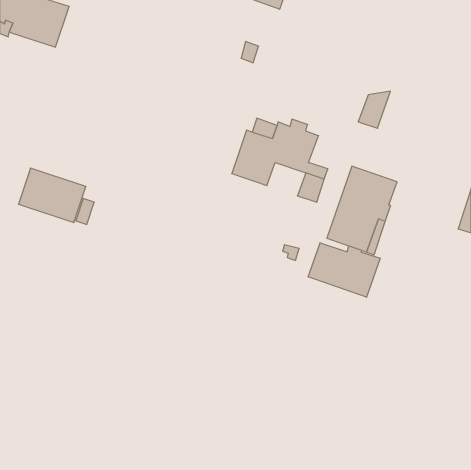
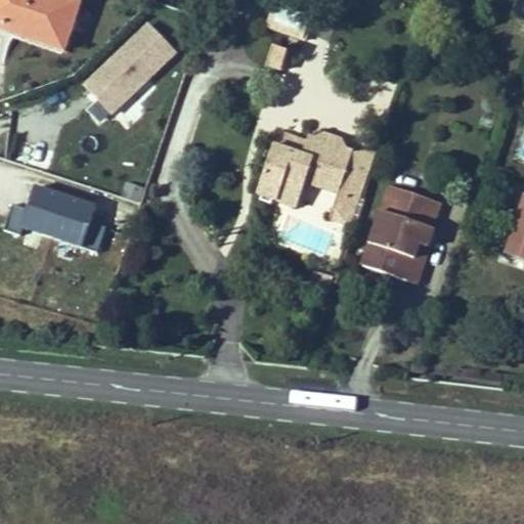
building: none -> [80,18,178,113]
building: [358,91,390,128] -> [342,146,378,187]
building: [308,243,380,297] -> none

